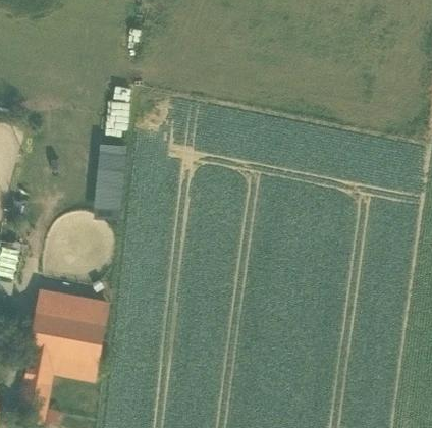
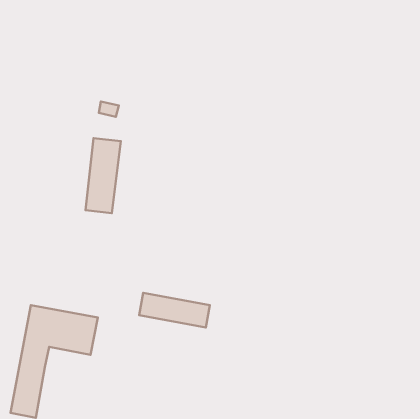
building: [38,289,109,324] -> [139,293,210,327]
building: [52,354,98,382] -> none

